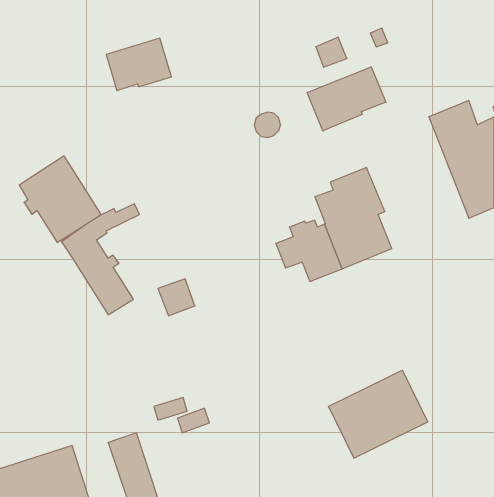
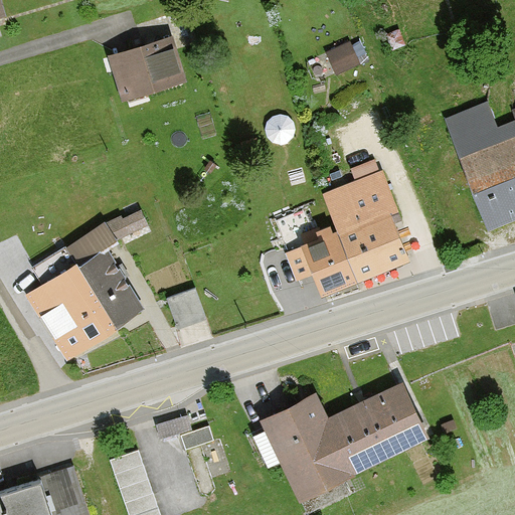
building: [307,67,386,131] -> none
building: [19,156,101,243] -> [27,266,112,355]
building: none -> [277,399,365,507]

